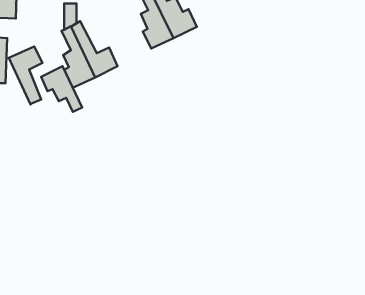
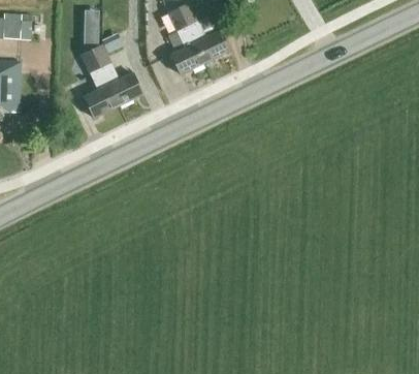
building: [9,46,42,104] -> none
building: [41,66,82,112] -> none

